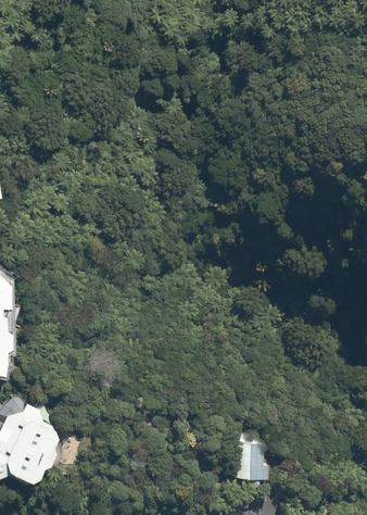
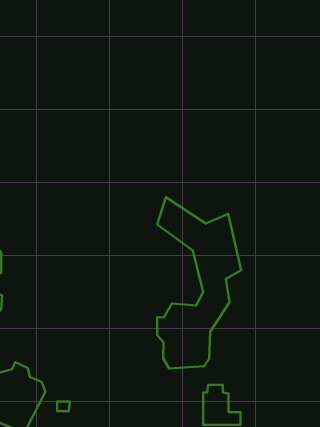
building: none -> [157,197,241,368]

